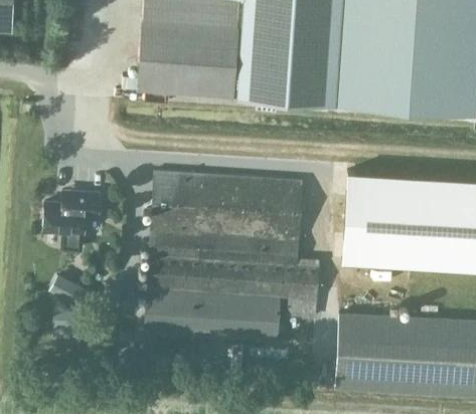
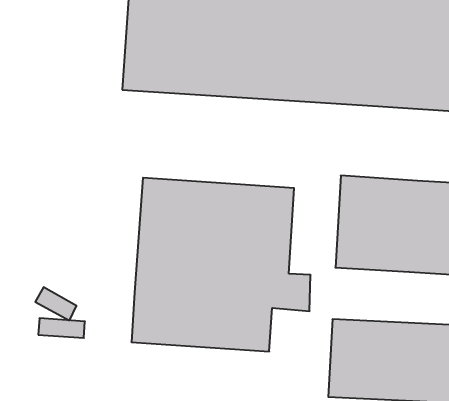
building: [44,199,100,252] -> none

